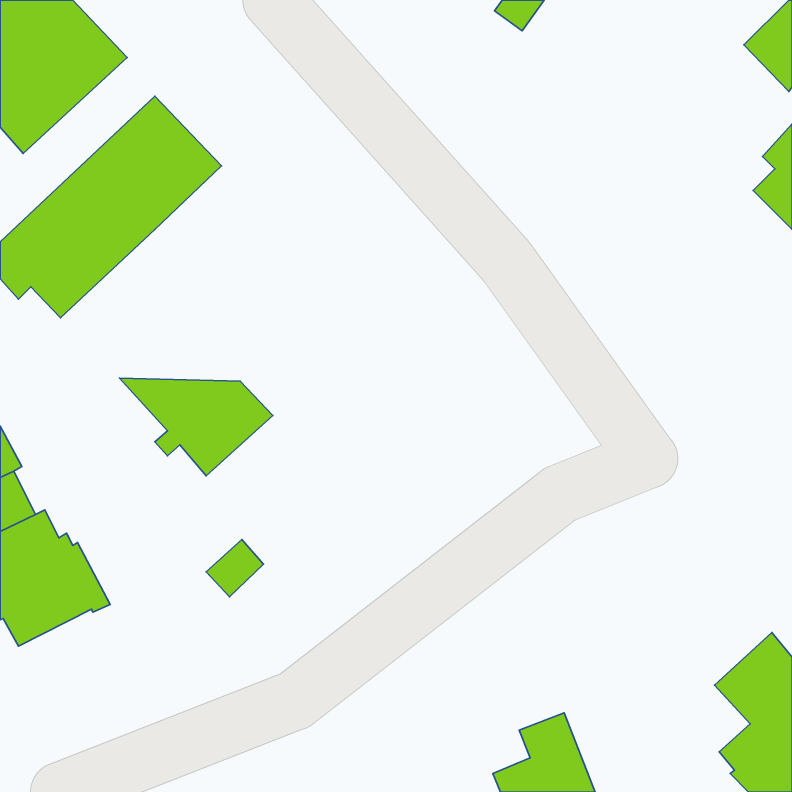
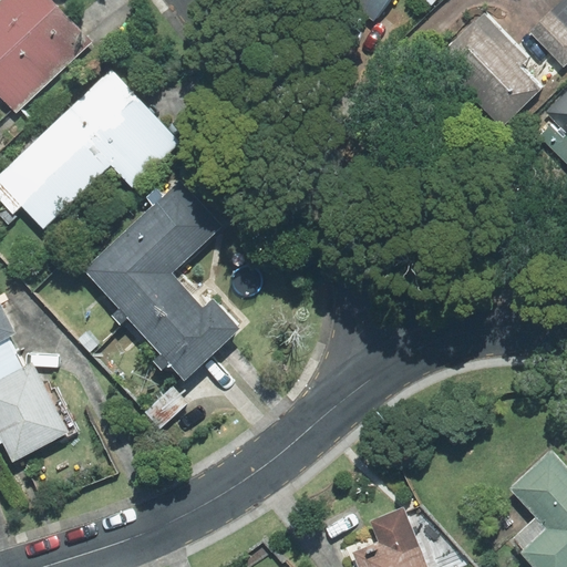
building: none -> [436,13,539,126]
building: none -> [111,118,181,186]
building: none -> [85,183,220,272]
building: none -> [147,297,240,379]

